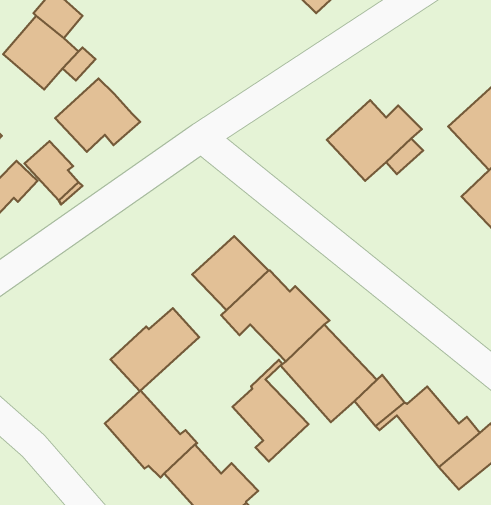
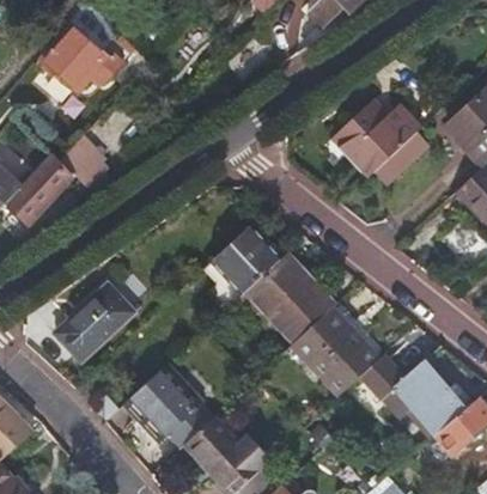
building: [55,78,140,152] -> none
building: [111,308,199,391] -> [57,286,138,361]
building: [232,360,308,462] -> none

